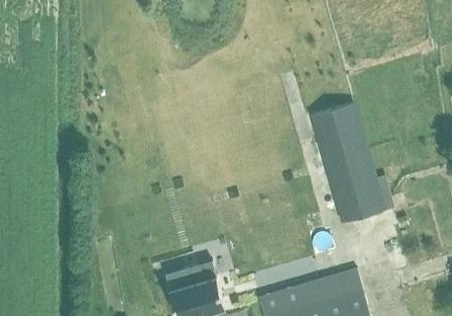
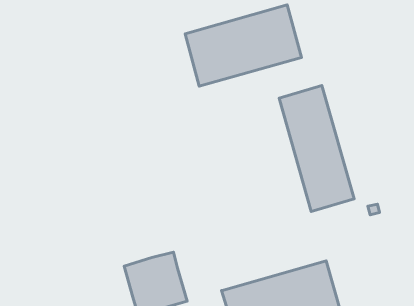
building: none -> [185,5,301,86]

